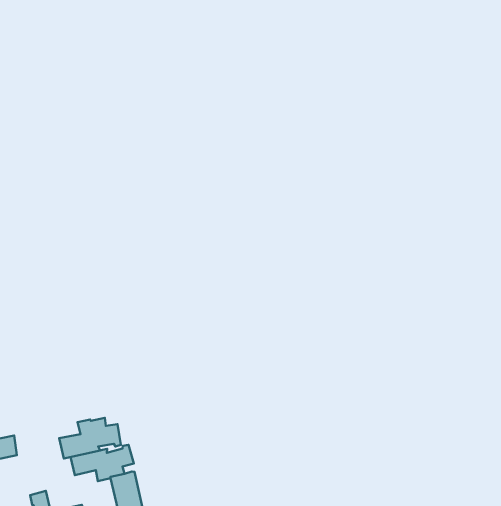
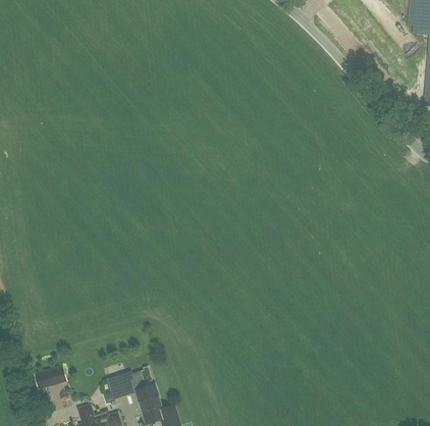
building: [59,418,121,458] -> none

